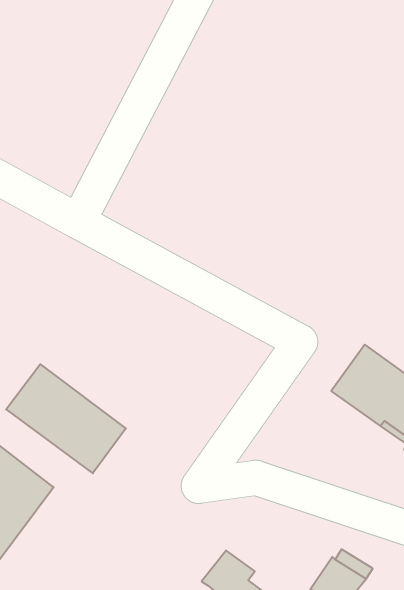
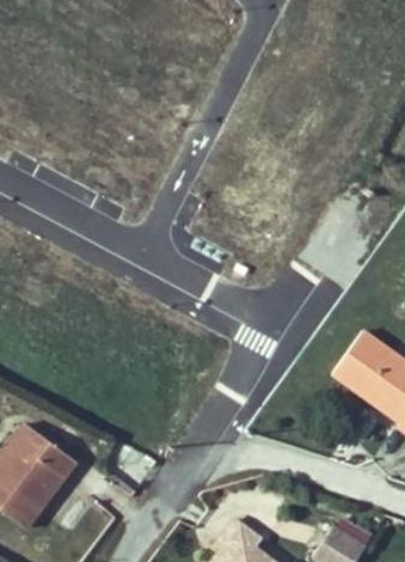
building: [6,364,126,473] -> none

